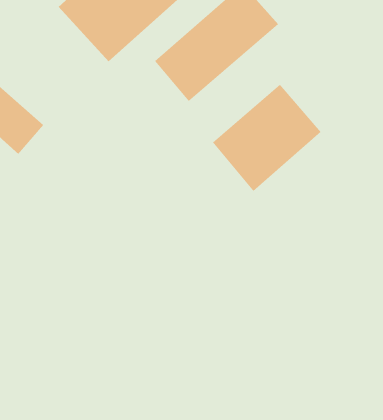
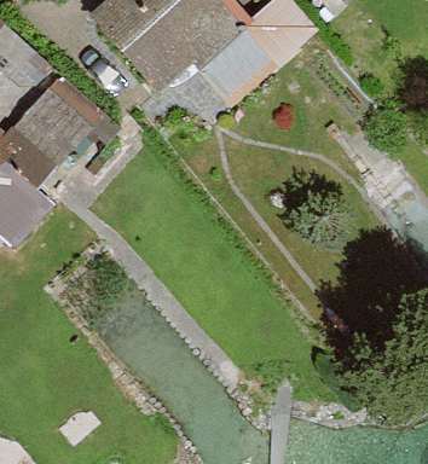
building: [212,84,322,192] -> none

